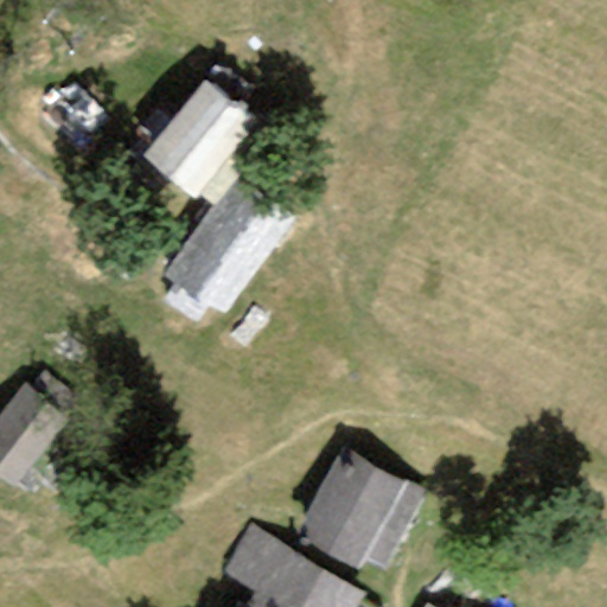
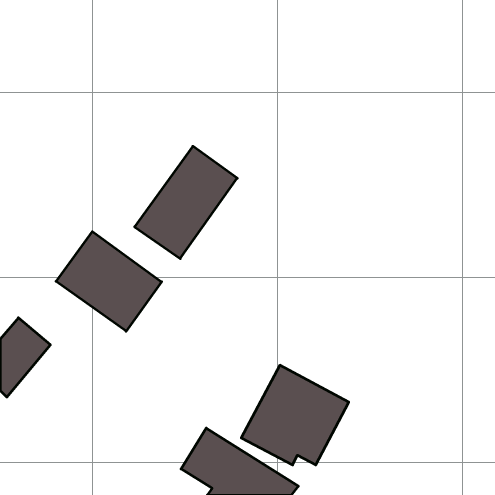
building: [143,82,253,196] -> none
building: none -> [56,232,162,331]

